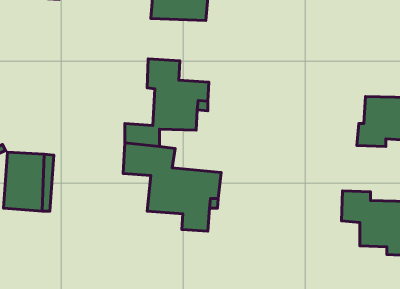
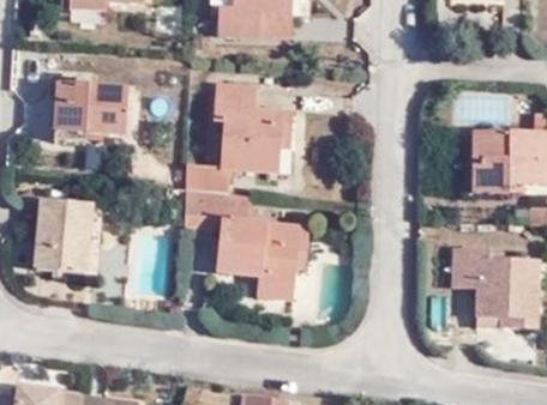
building: none -> [53,83,126,133]

